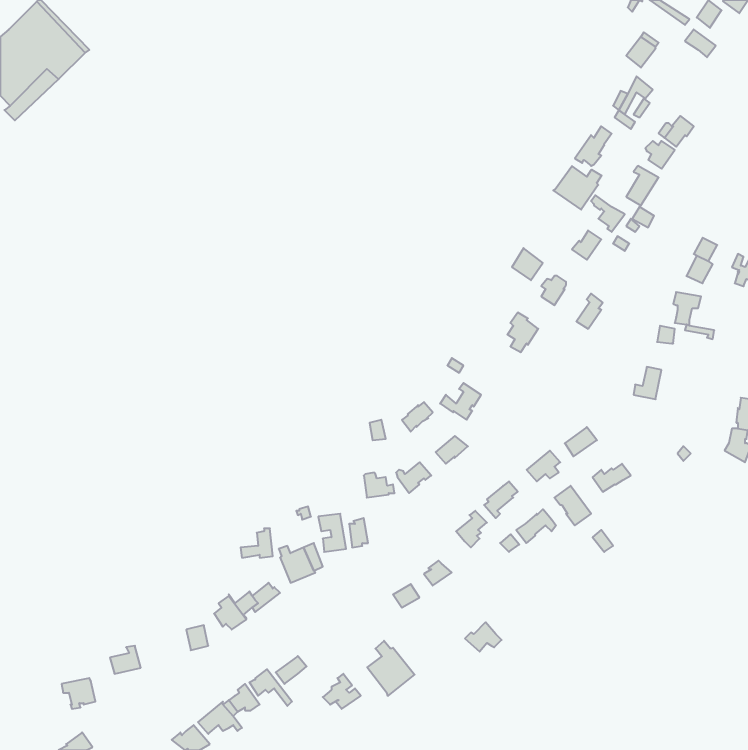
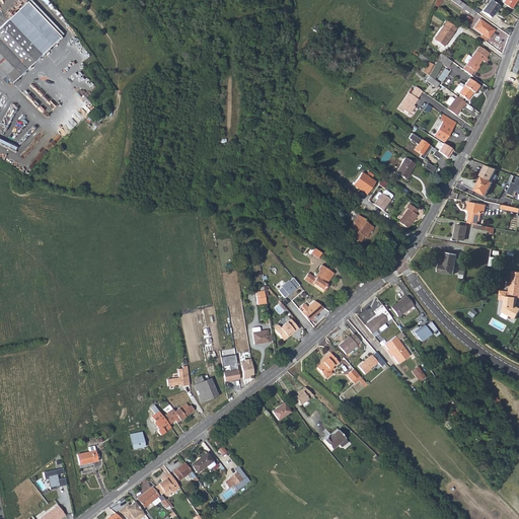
building: none -> [463,46,490,76]
building: [553,166,602,210] -> none
building: [367,641,415,696] -> none

